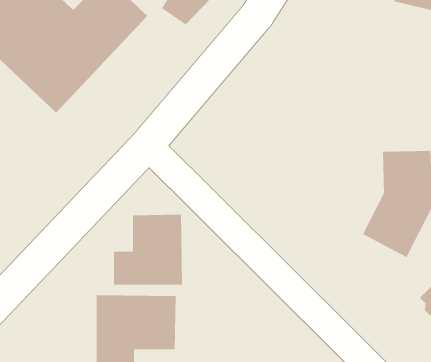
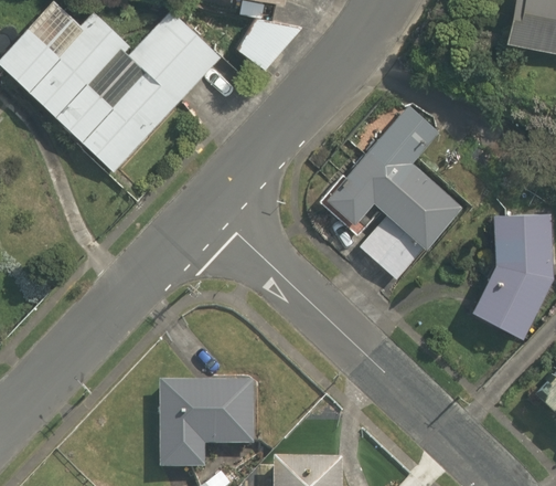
building: none -> [324,108,462,279]
building: [114,214,182,286] -> none

